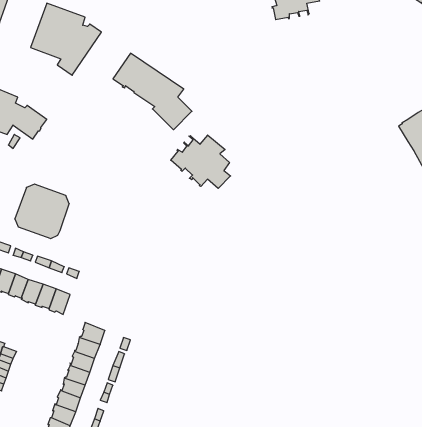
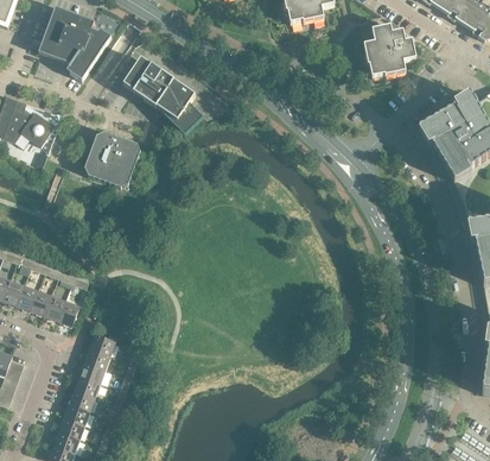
building: none -> [363,25,416,76]
building: [171,135,231,188] -> none
building: [15,184,69,239] -> [84,131,140,187]

